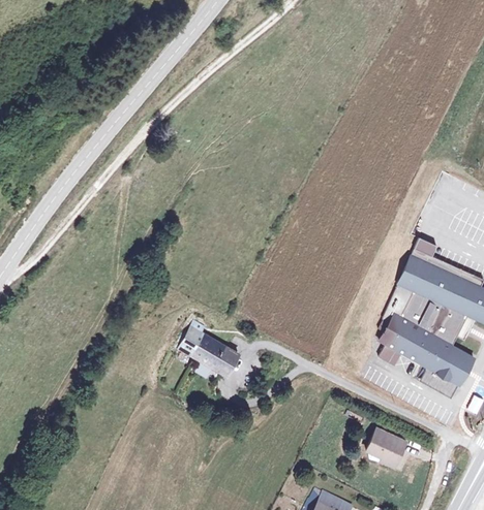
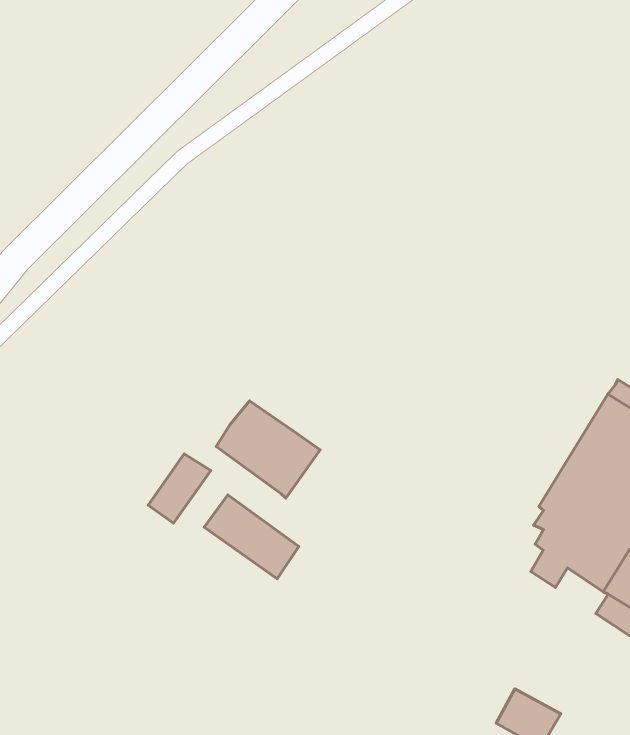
building: none -> [216,401,320,498]
building: none -> [148,454,211,523]

